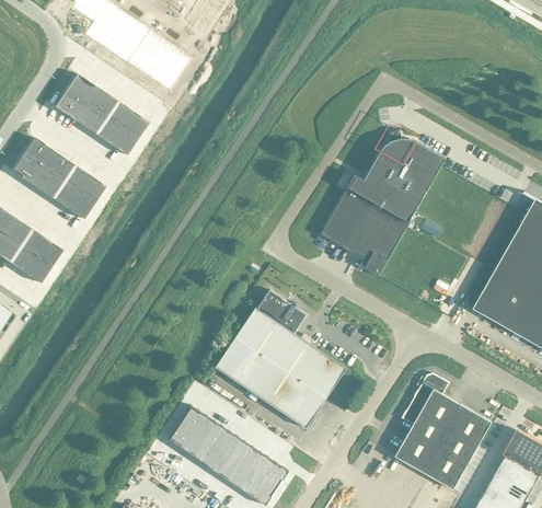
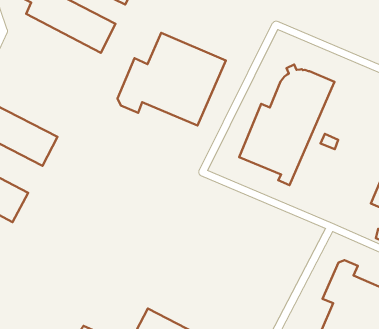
building: [54,74,148,157] -> none
building: none -> [118,33,226,125]
building: [216,291,347,429] -> none

